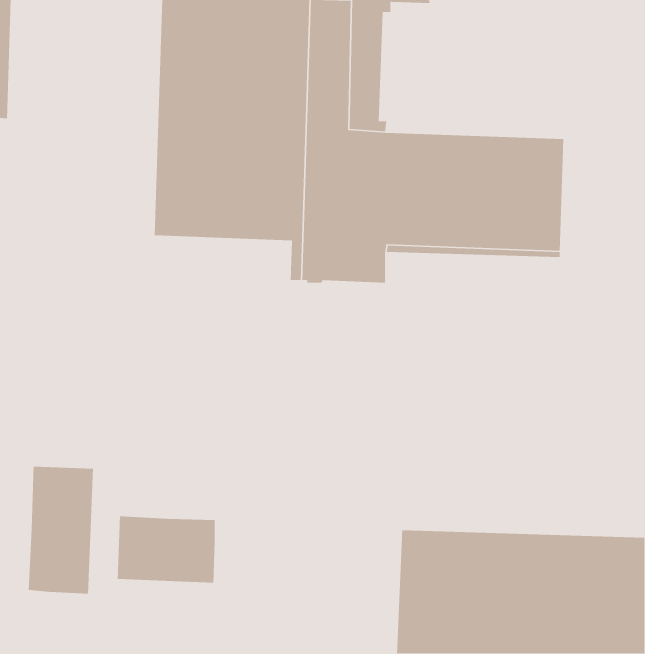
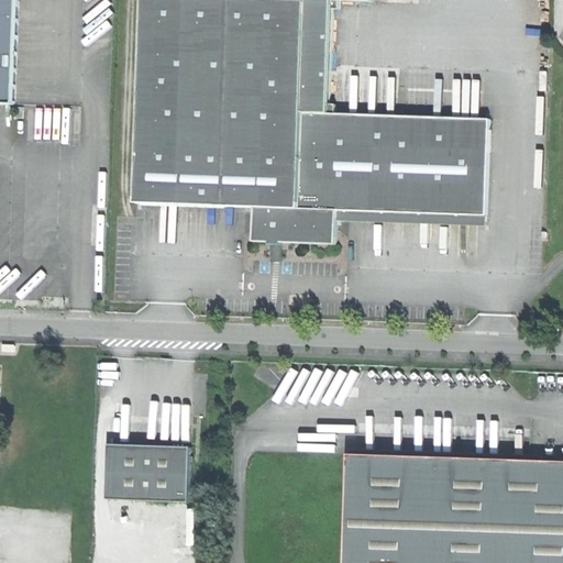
building: [28,466,94,595] -> none

